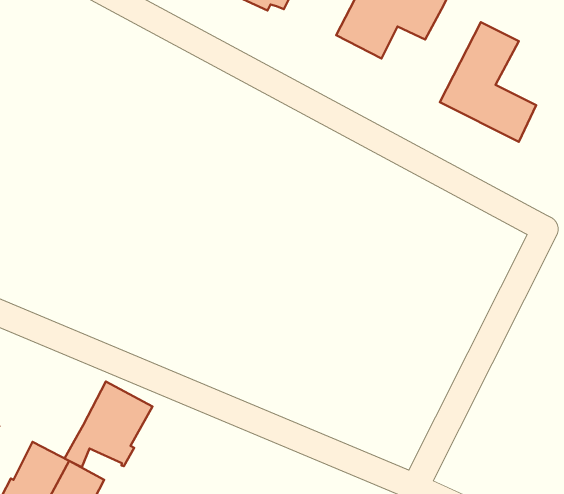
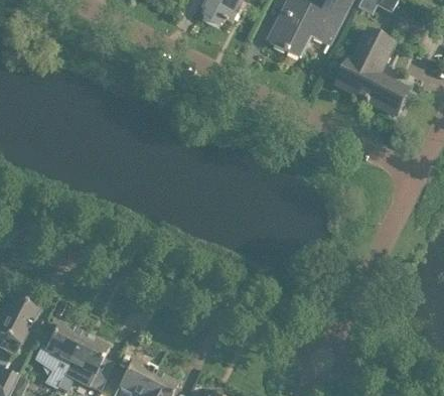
building: [64,382,153,467] -> none

